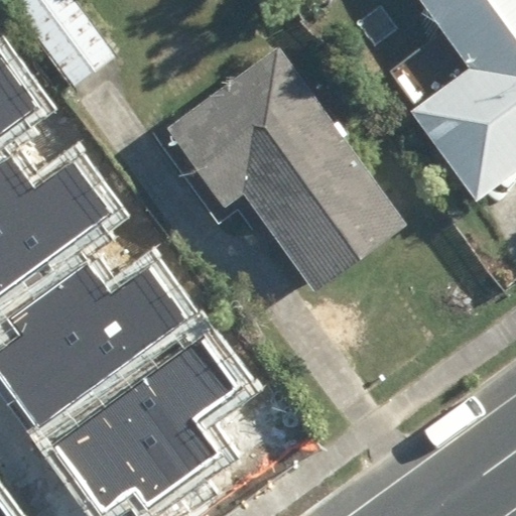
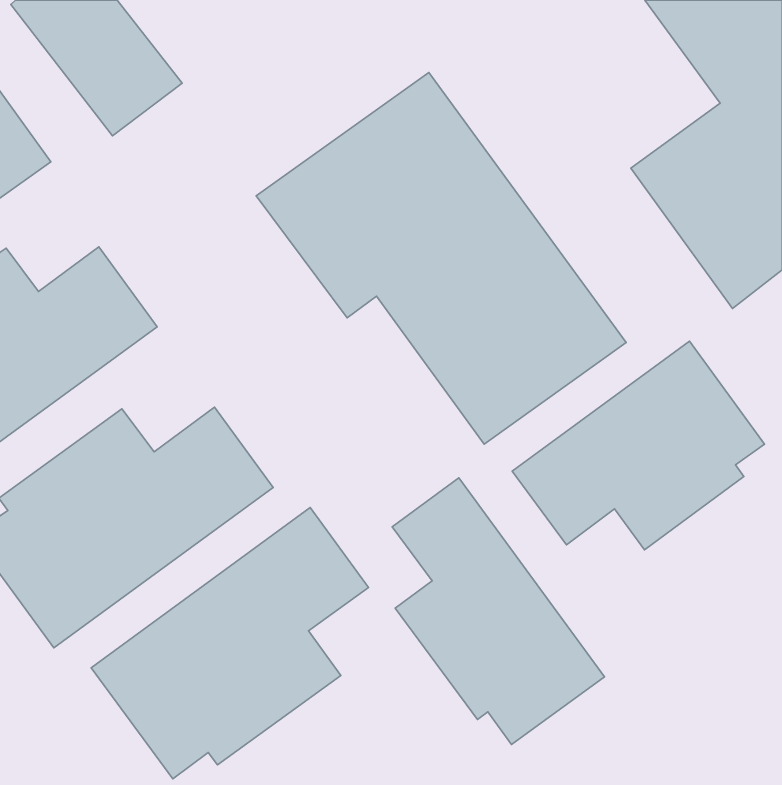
building: none -> [512,341,764,550]
building: none -> [392,478,604,744]

